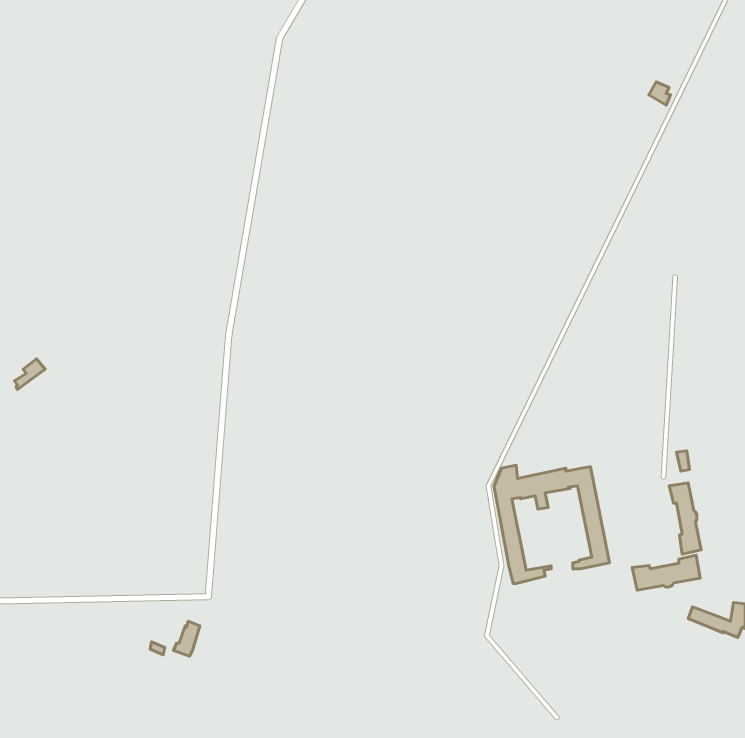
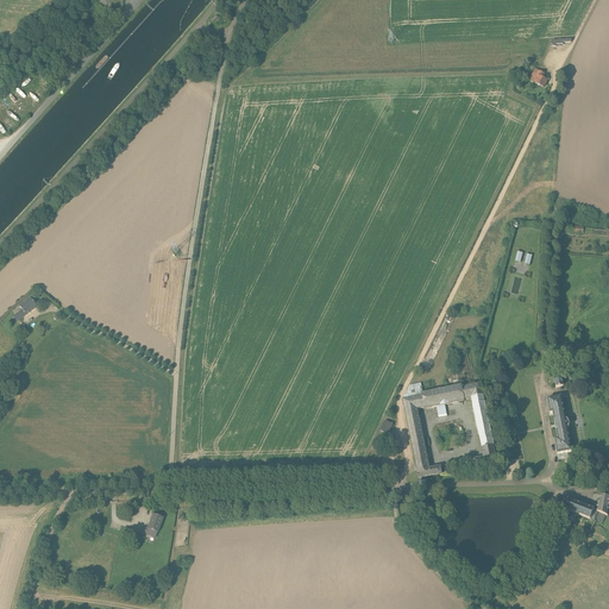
building: [632,555,700,590] -> none

